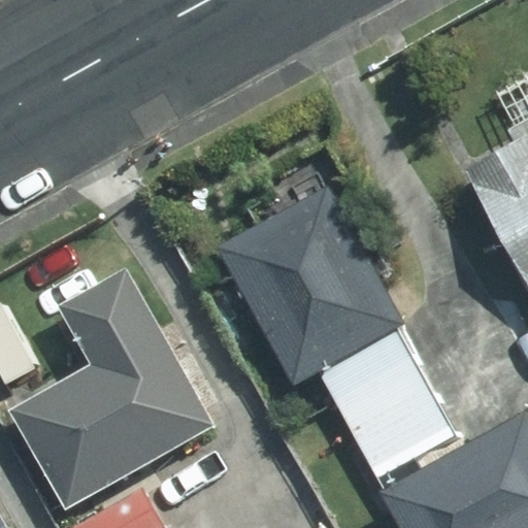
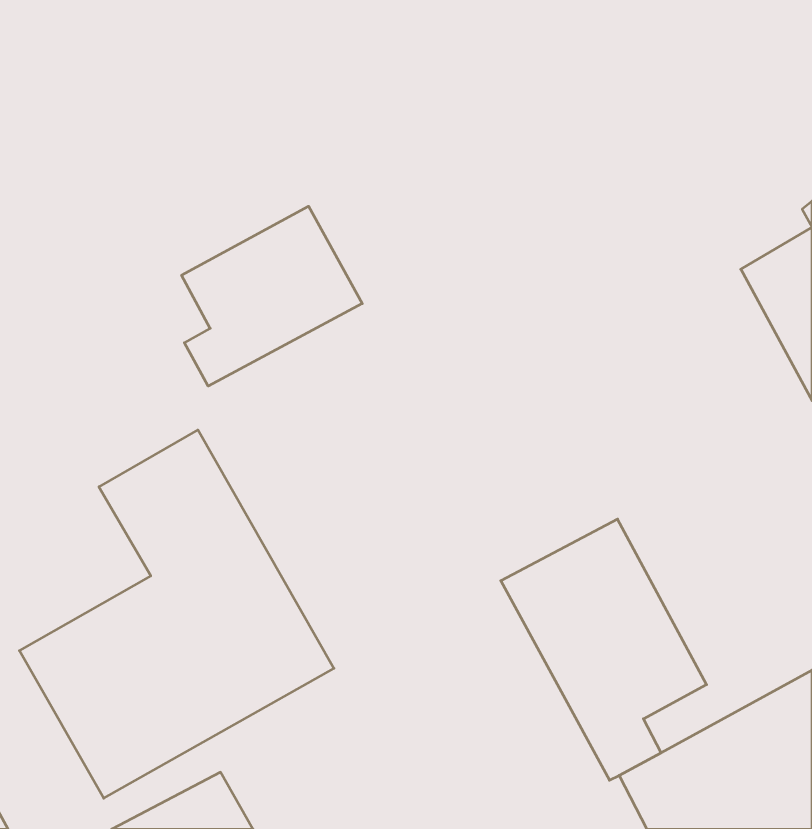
building: none -> [182,206,362,386]
building: [221,191,401,383] -> none

